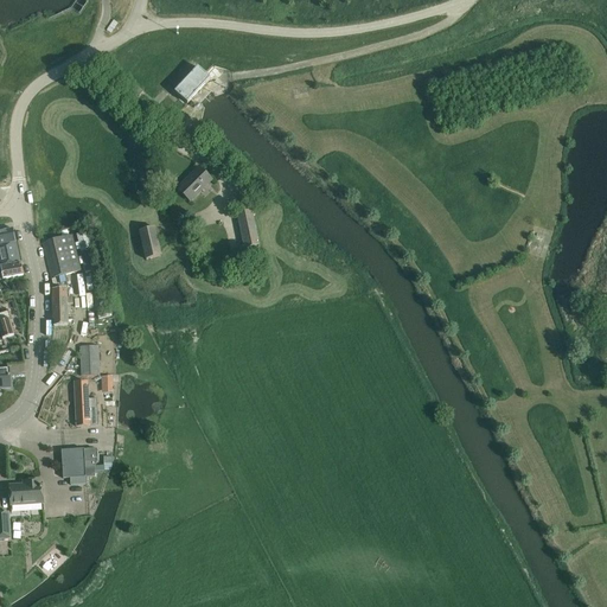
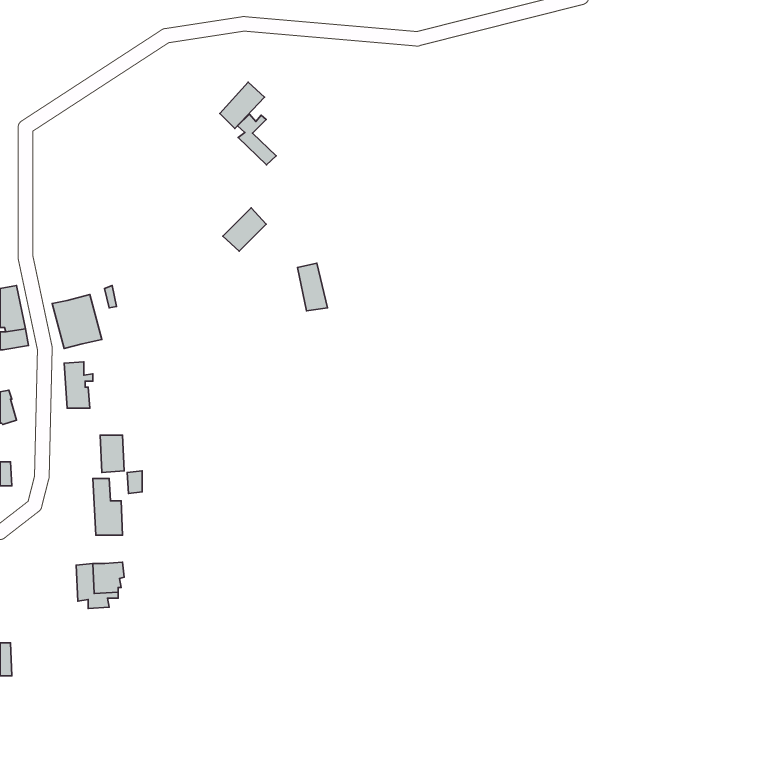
building: none -> [237,114,276,165]
building: [138,225,161,260] -> none
building: [8,478,43,503] -> none

